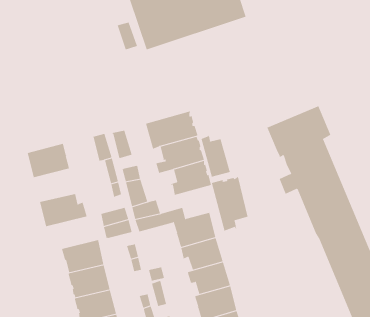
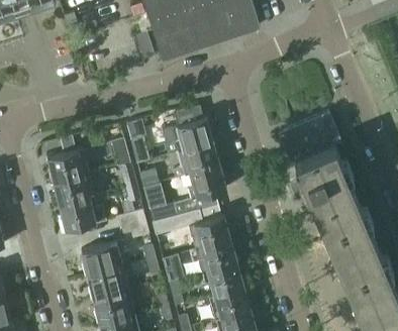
building: [201,133,230,178] -> none
building: none -> [54,173,95,205]
building: [211,176,248,231] -> none

